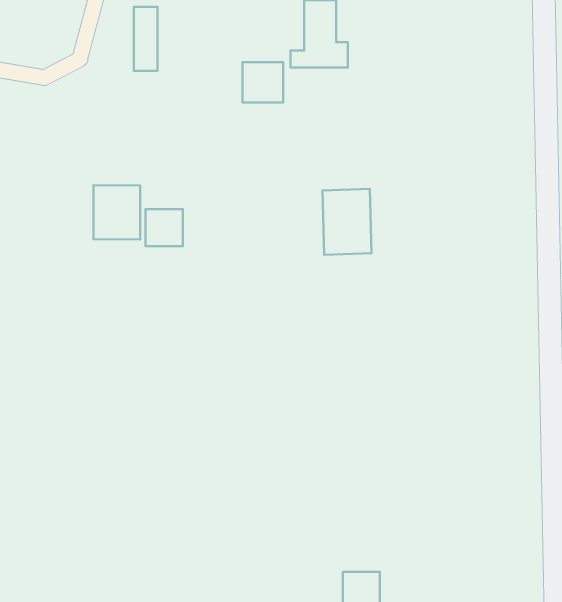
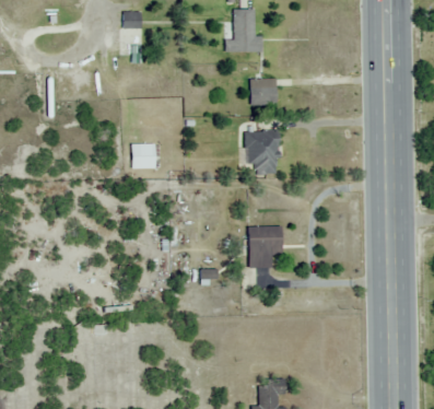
building: [243,62,283,103] -> [250,79,277,105]
building: [94,185,140,239] -> none
building: none -> [247,226,280,268]

